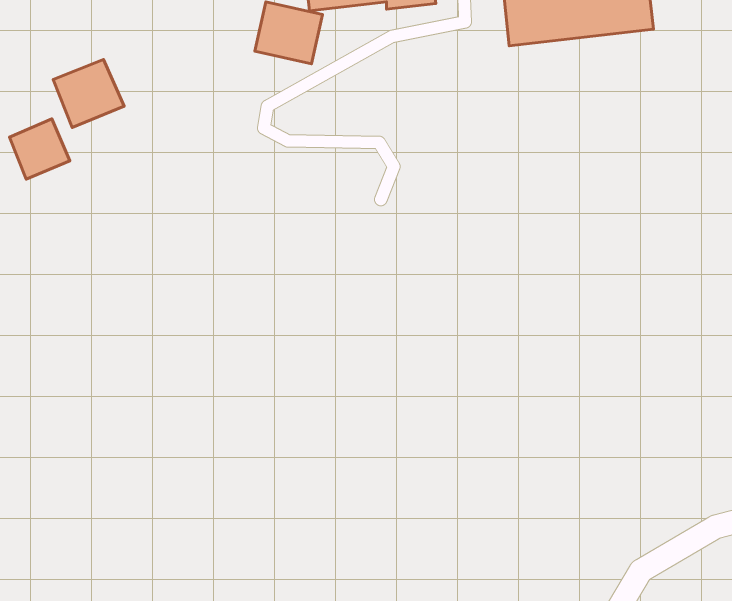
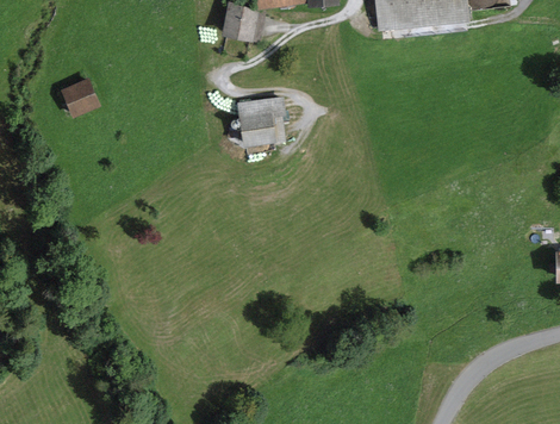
building: [53,59,124,128] -> none
building: none -> [235,95,285,146]

